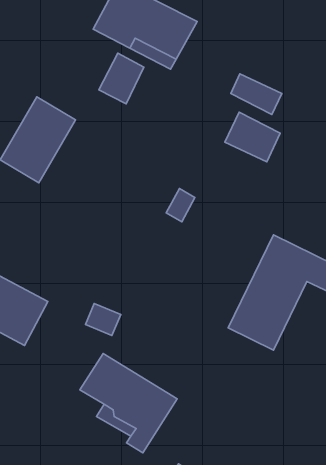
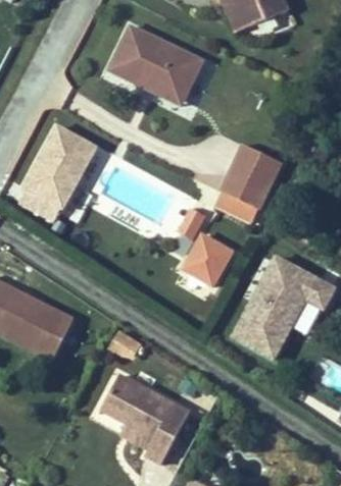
building: [99,53,144,104] -> none
building: [231,74,282,115] -> [224,173,271,211]
building: none -> [182,239,235,294]

